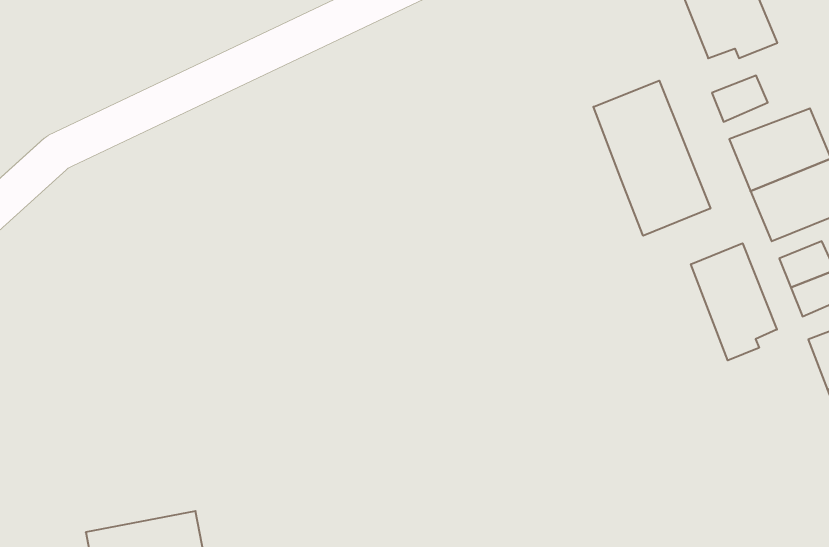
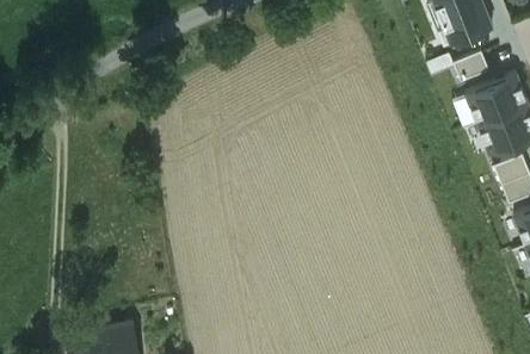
building: [593,81,710,236] -> none
building: [691,243,777,360] -> none

